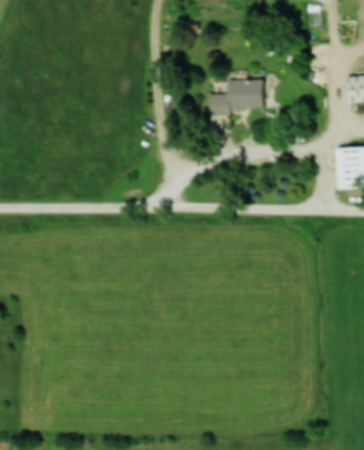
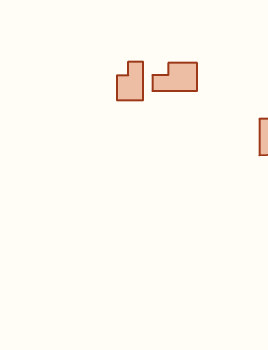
building: none -> [117,62,143,100]

